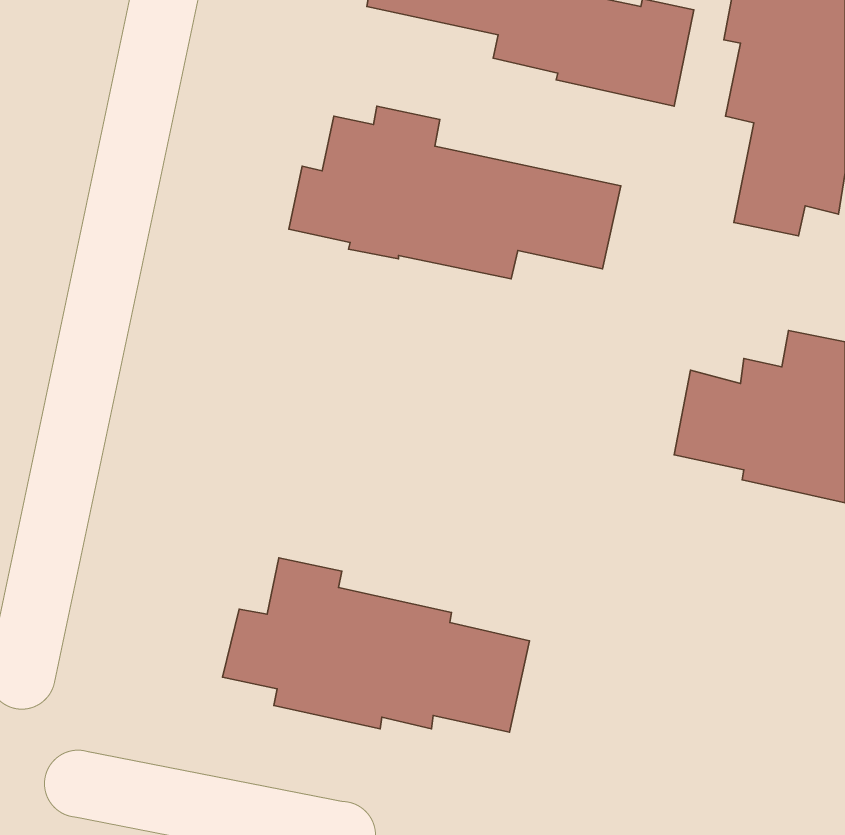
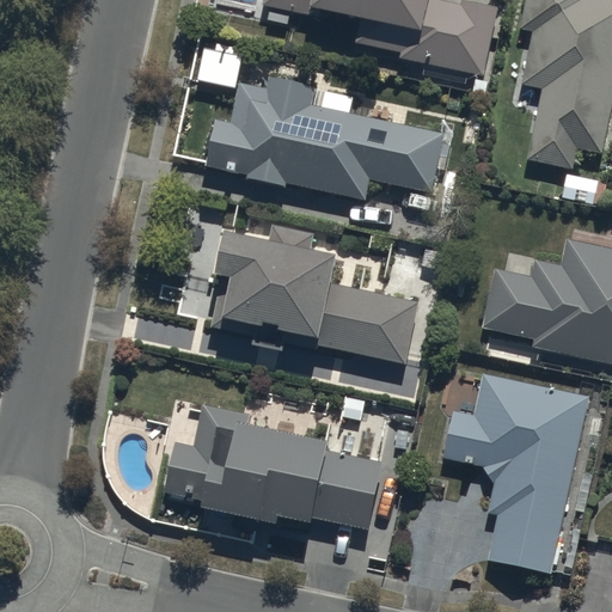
building: none -> [214,224,422,366]
building: none -> [440,368,587,569]

